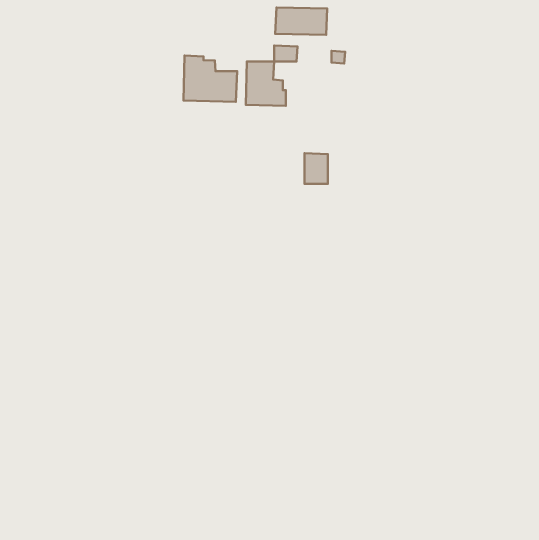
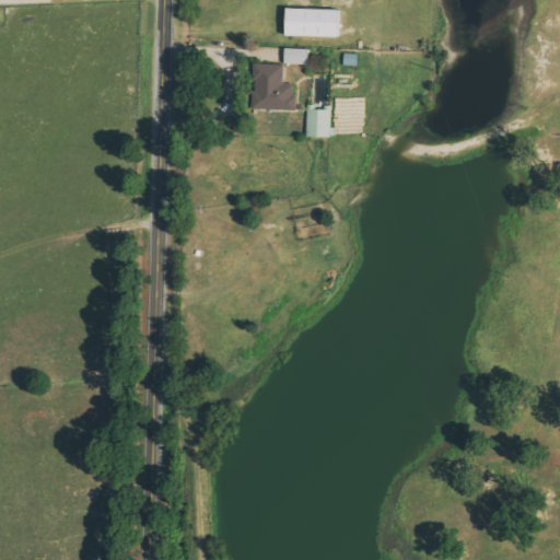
building: [184,56,237,102] -> none
building: [305,153,328,184] -> [306,104,330,136]

